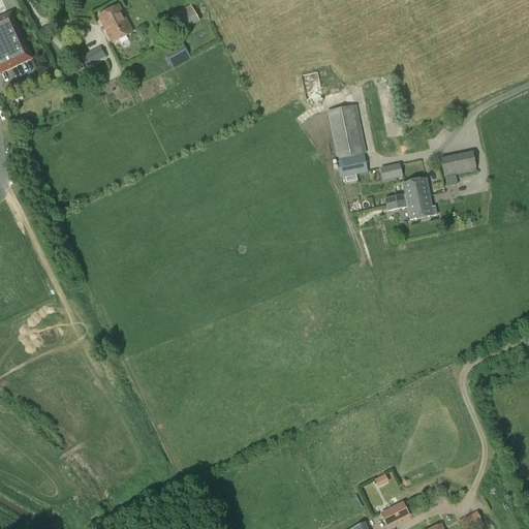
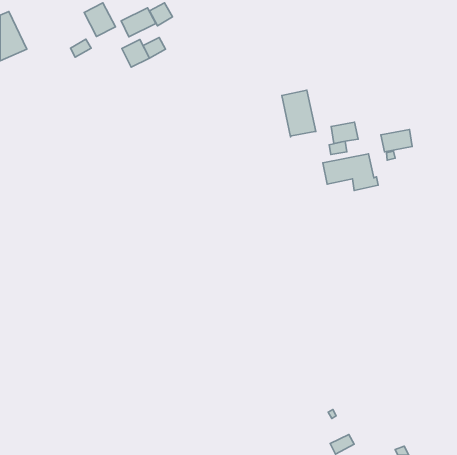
building: none -> [121,8,156,37]
building: none -> [122,39,149,67]
building: [337,152,368,177] -> [331,122,358,144]

